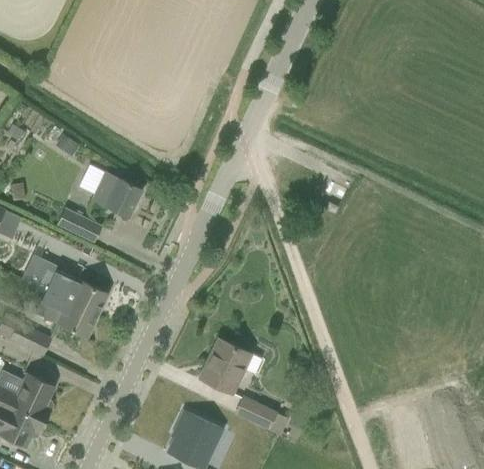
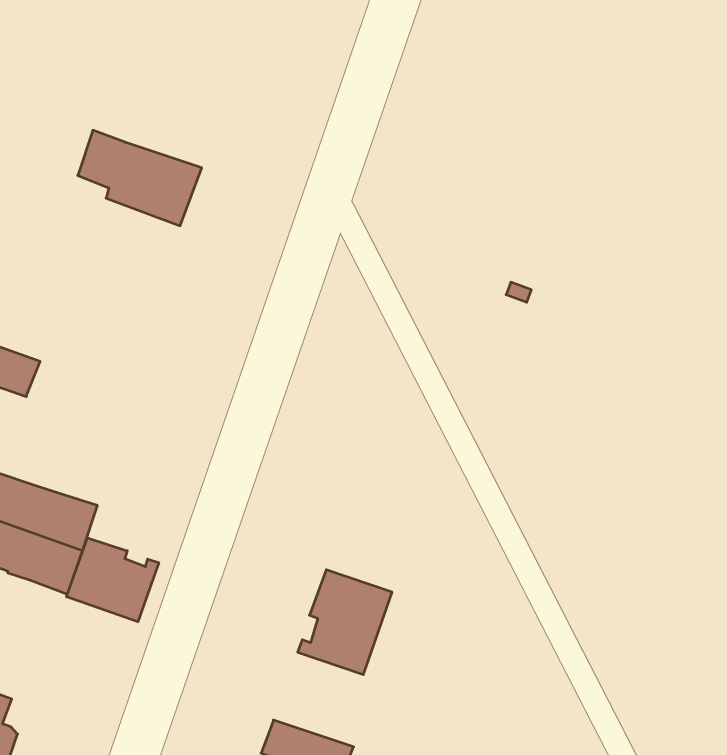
building: [79,164,142,217] -> [78,130,202,226]
building: none -> [67,538,159,622]
building: [236,398,288,435] -> none

